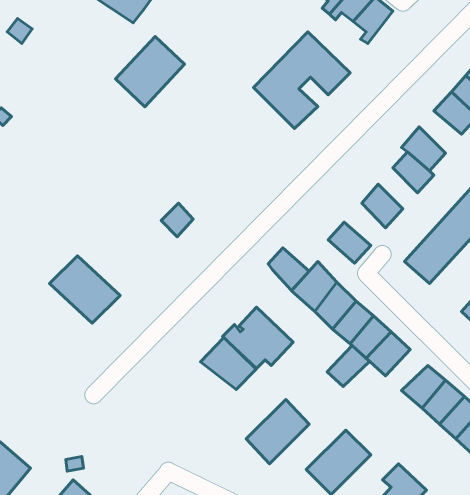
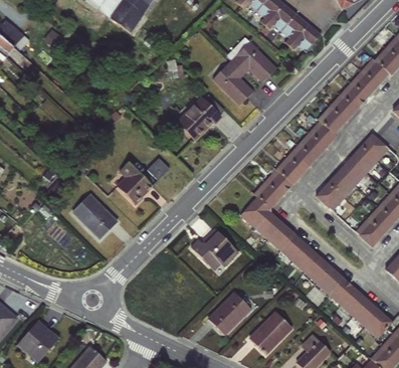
building: none -> [290,24,321,52]
building: [116,36,184,107] -> [178,93,225,141]
building: none -> [326,93,355,122]
building: none -> [297,132,325,160]
building: none -> [274,156,303,185]
building: none -> [117,160,156,203]
building: [268,248,309,290] -> [253,181,281,210]
building: [201,338,256,389] -> none
building: [327,345,370,386] -> [303,256,332,285]

